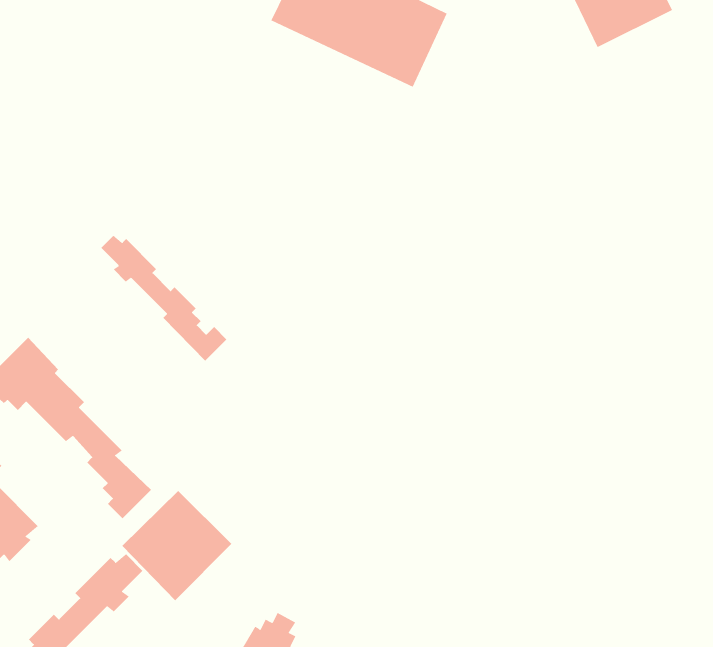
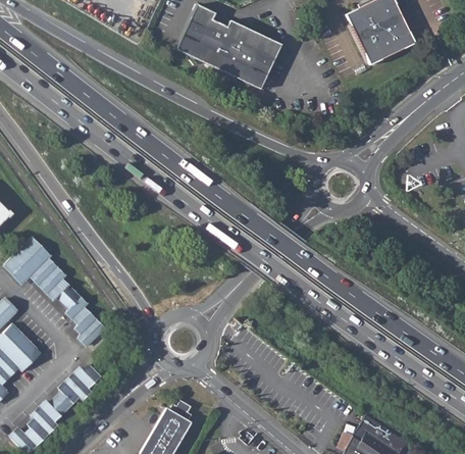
building: [101,235,227,362] -> none
building: [122,490,232,601] -> none

